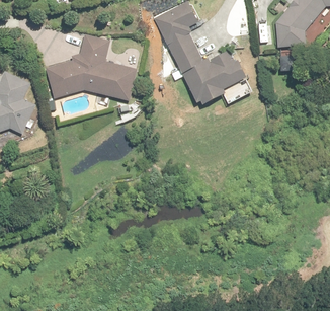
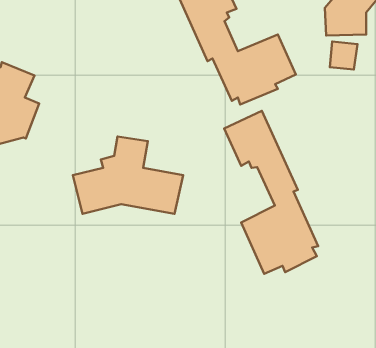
building: [47,34,139,99] -> [73,136,183,214]
building: none -> [224,111,318,274]

